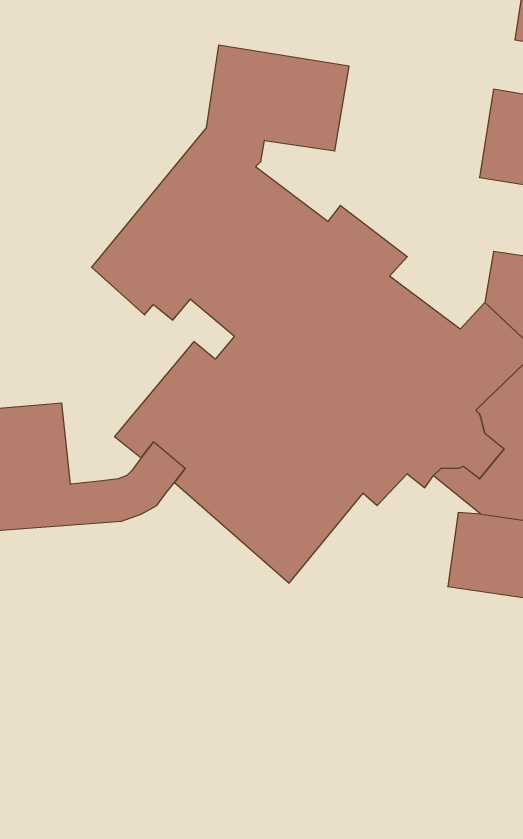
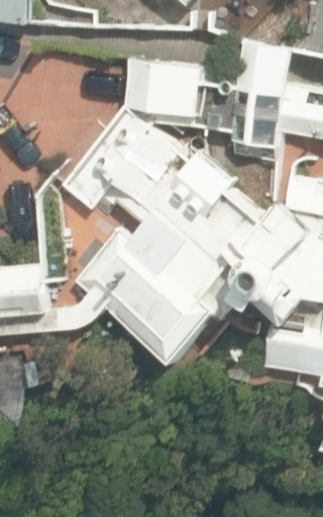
building: none -> [152,45,290,163]

